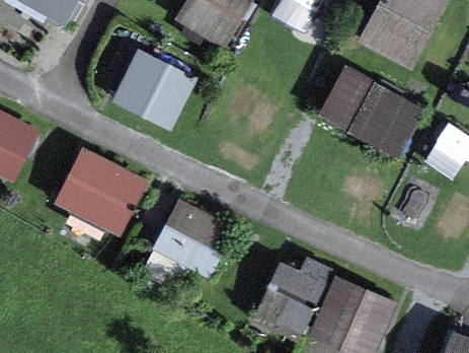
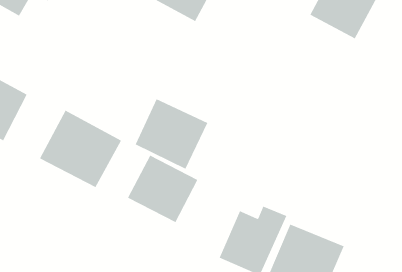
building: [112,50,196,130] -> [135,99,208,170]
building: [318,66,424,157] -> none

